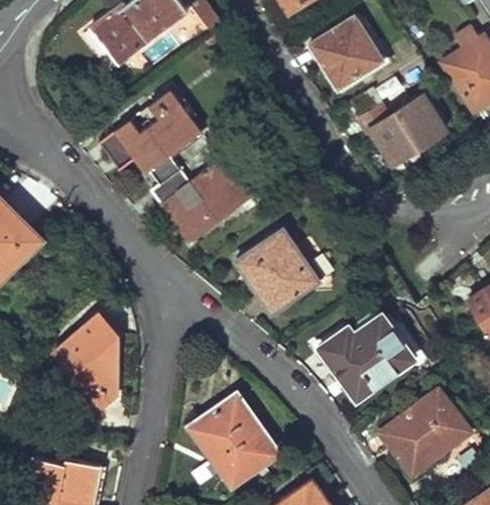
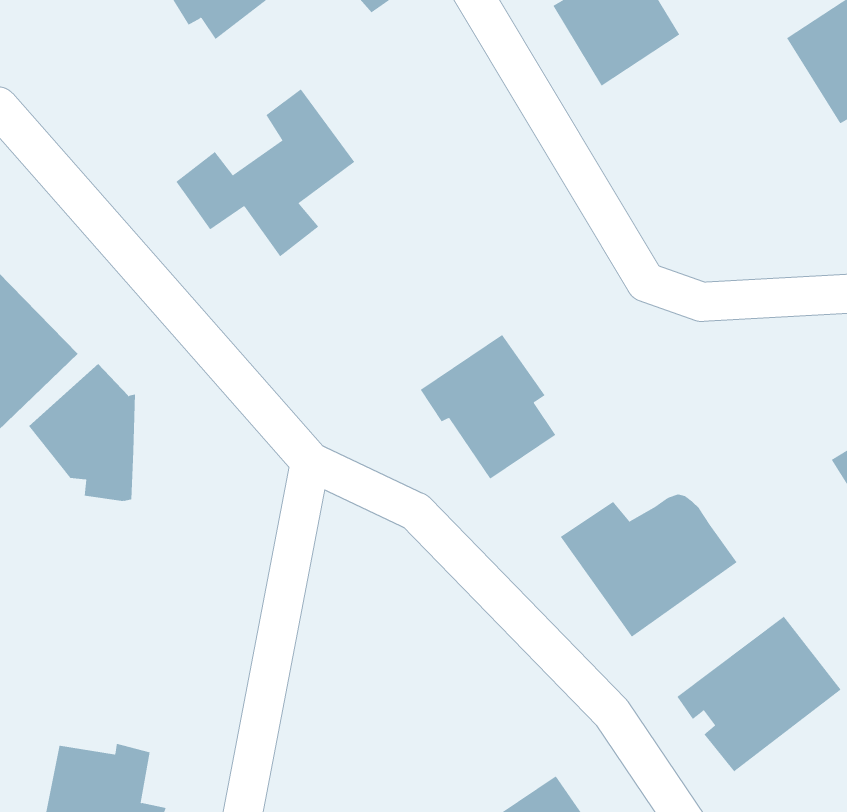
building: [349,90,446,160] -> none
building: [150,161,250,245] -> none
building: [57,318,118,395] -> [28,363,136,501]
building: [192,397,273,482] -> none

